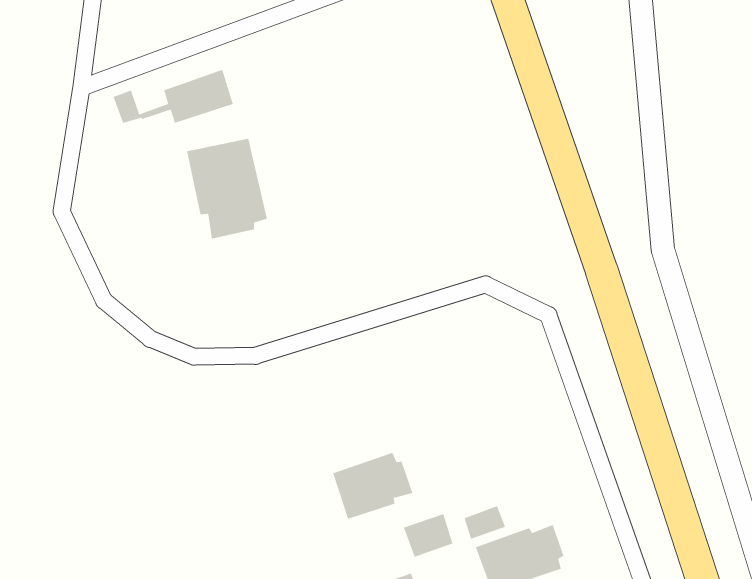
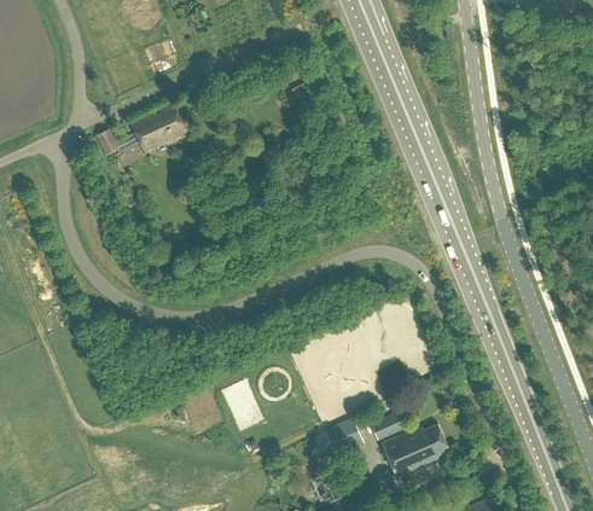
building: [186,138,268,240] -> none
building: [332,452,413,520] -> none

